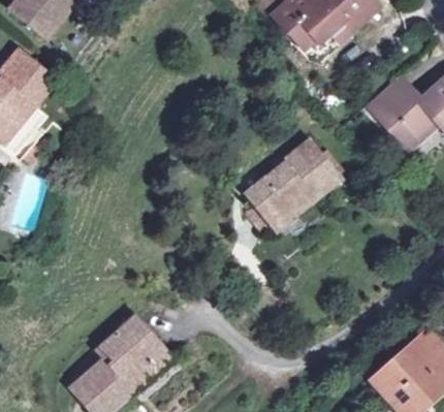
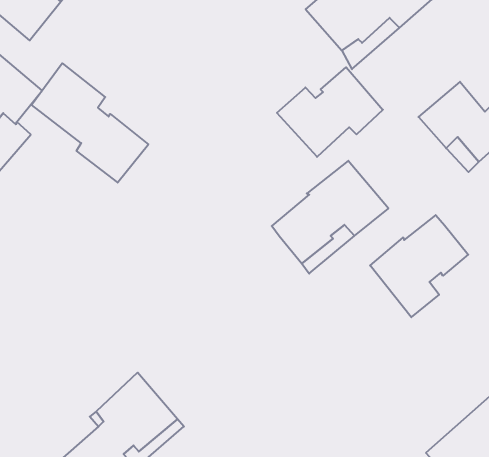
building: none -> [32,63,148,183]
building: none -> [277,67,383,157]
building: none -> [370,215,468,317]

